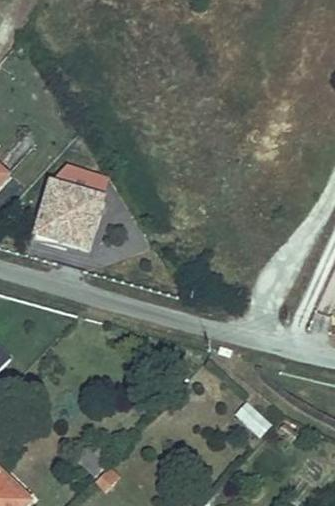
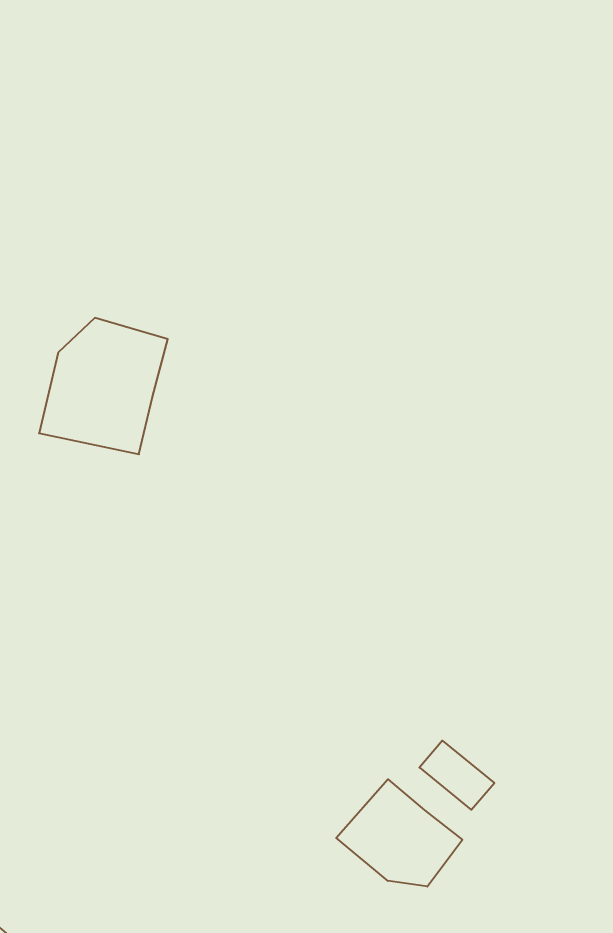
building: none -> [336,779,462,887]

